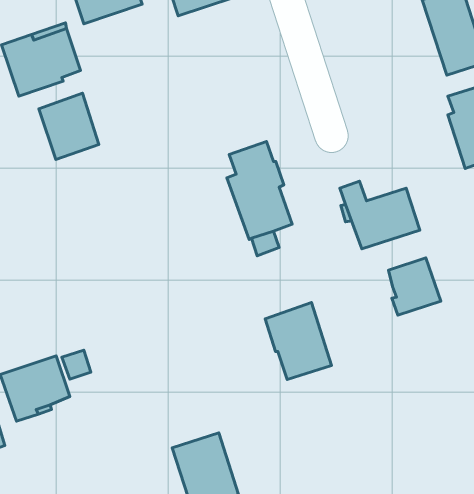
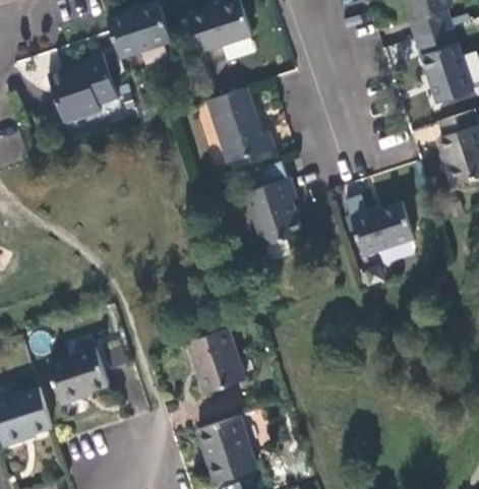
building: none -> [205,88,273,164]
building: [39,93,99,159] -> none
building: [388,258,441,315] -> none
building: [265,303,331,380] -> [186,327,244,394]

